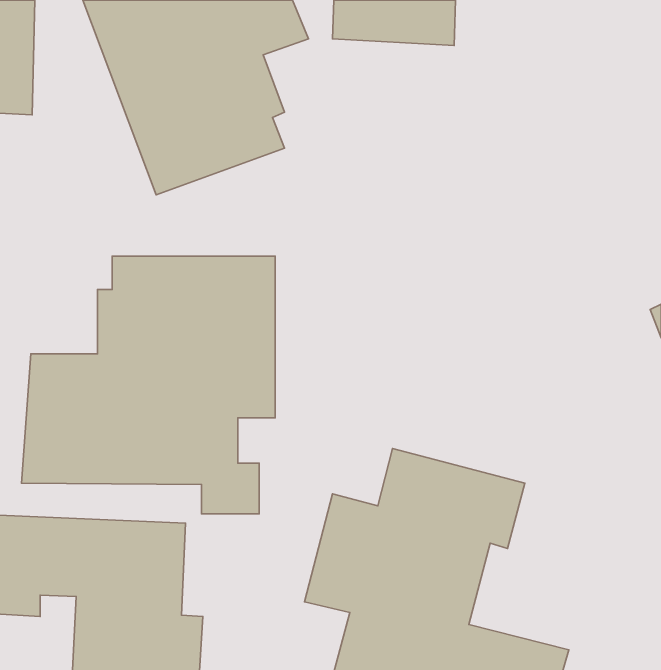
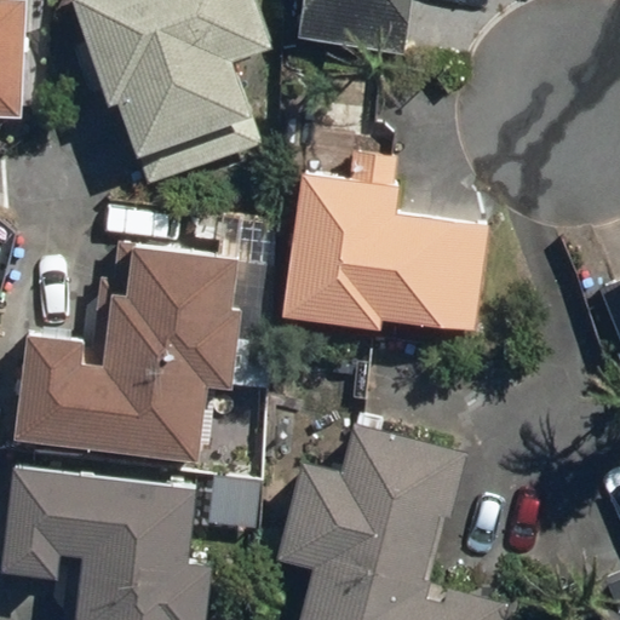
building: none -> [277,166,455,320]

